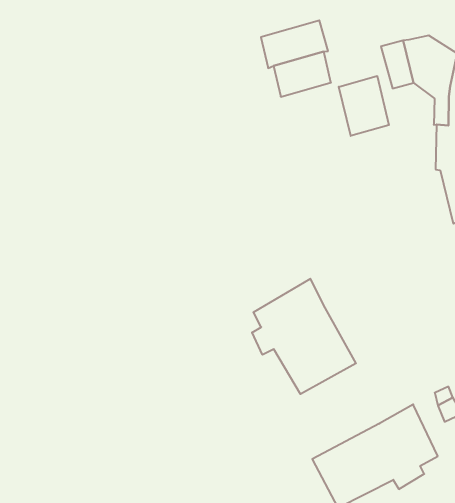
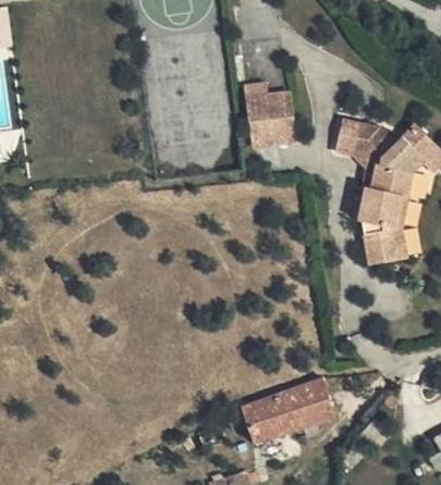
building: [339,76,389,136] -> none
building: [252,279,356,394] -> none

